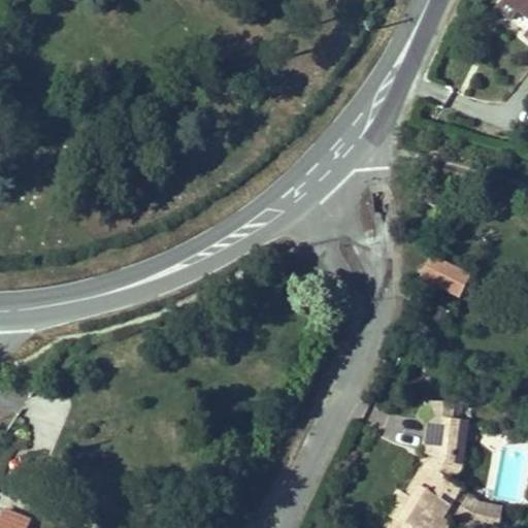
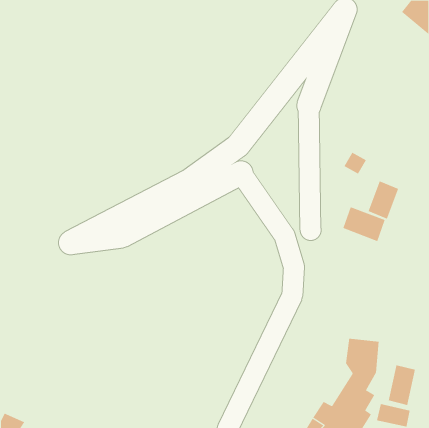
building: none -> [368,181,399,219]
building: none -> [388,364,415,406]

